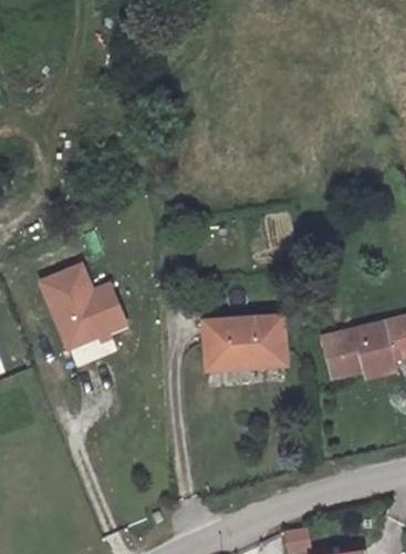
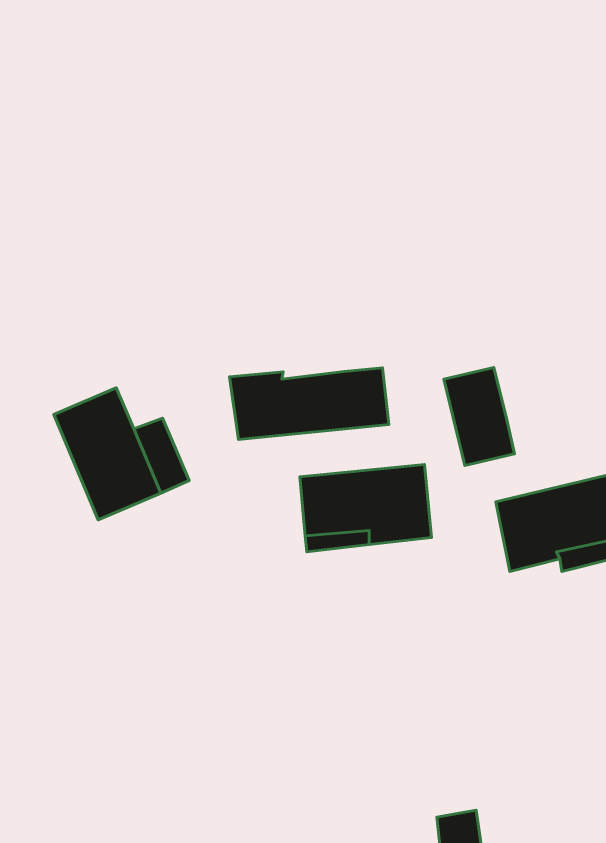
building: none -> [444,368,515,466]
building: none -> [230,368,389,440]

